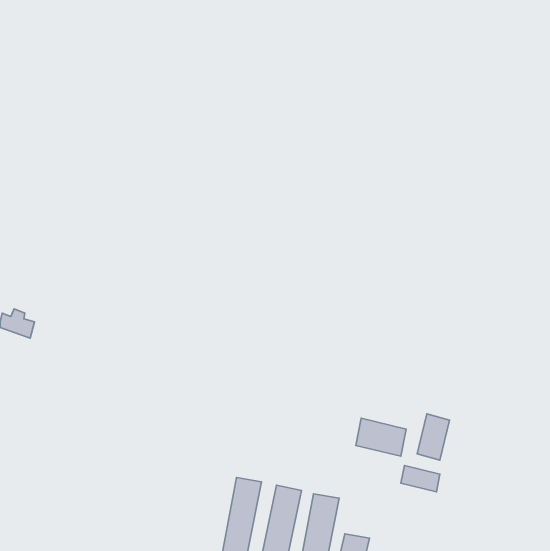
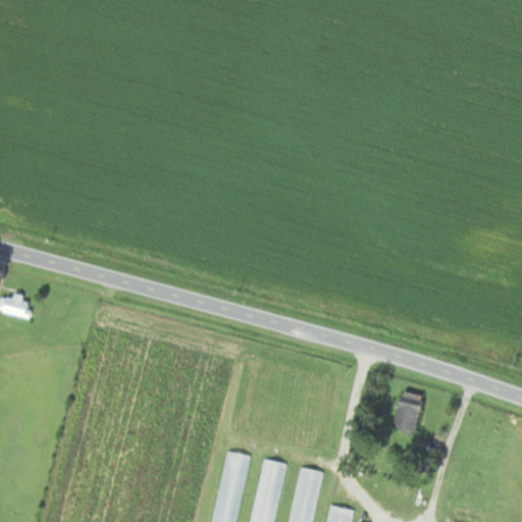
building: [356,418,406,456] -> none
building: [401,466,440,492] -> none

